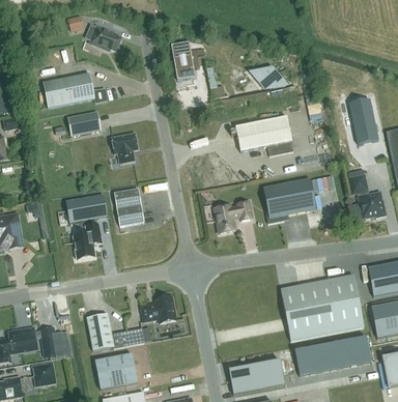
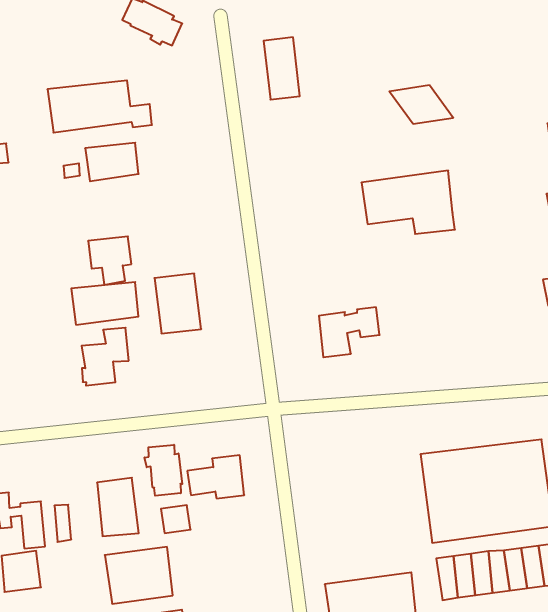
building: [111,133,138,163] -> [88,236,131,285]
building: [263,178,316,223] -> none
building: none -> [145,445,182,496]

